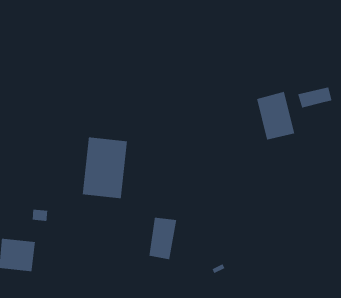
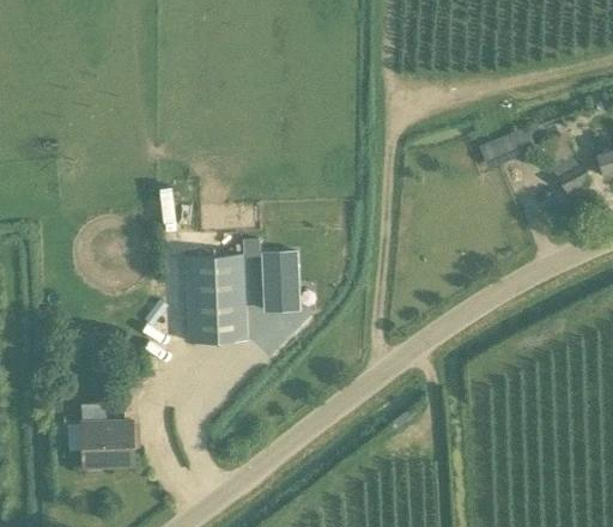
building: [256,91,295,140] -> none
building: [148,217,177,260] -> [265,248,298,309]

